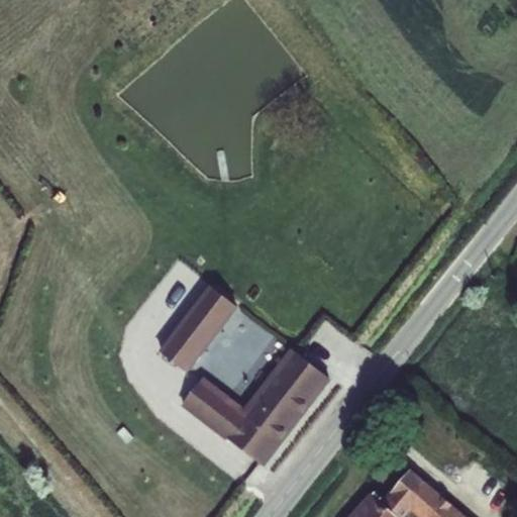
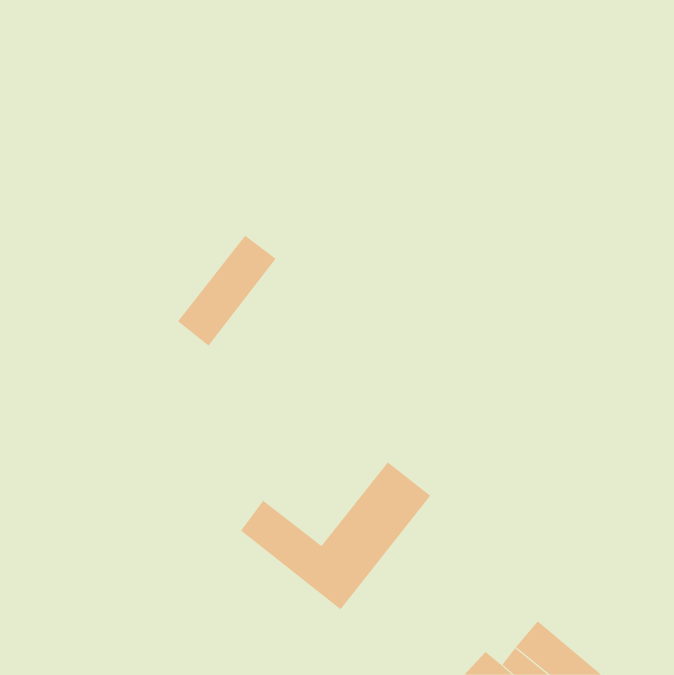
building: [161,287,236,372] -> [177,235,277,346]

